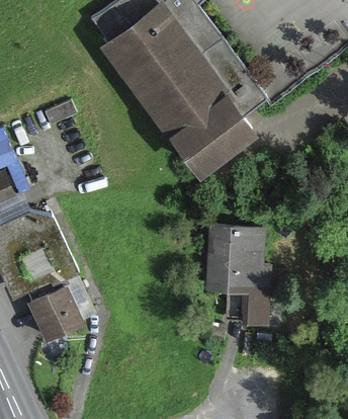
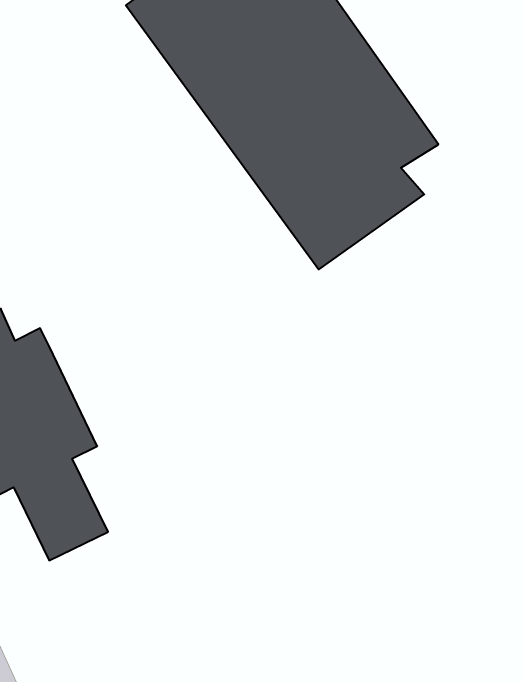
building: [208,223,266,320] -> none

